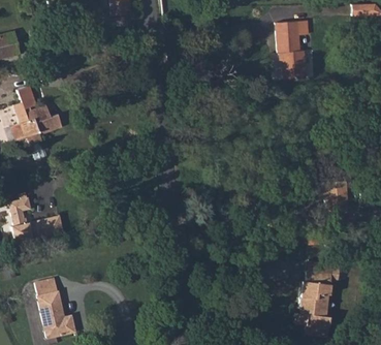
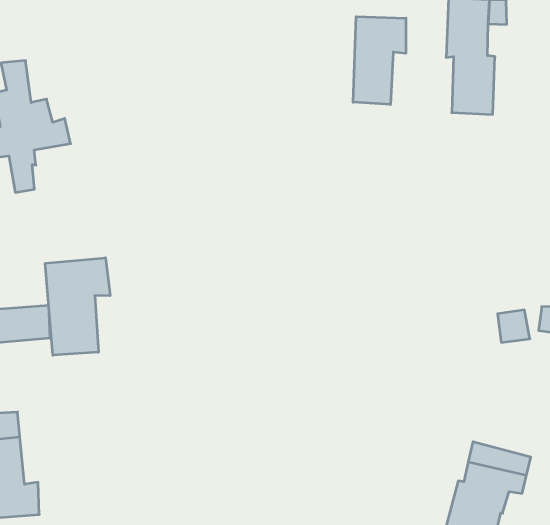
building: none -> [353,17,406,105]
building: none -> [45,258,110,355]

